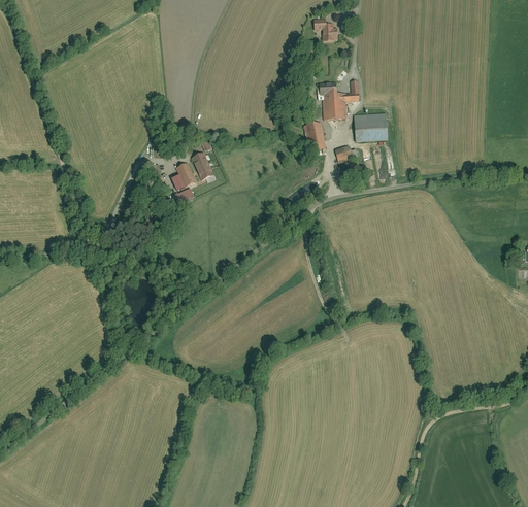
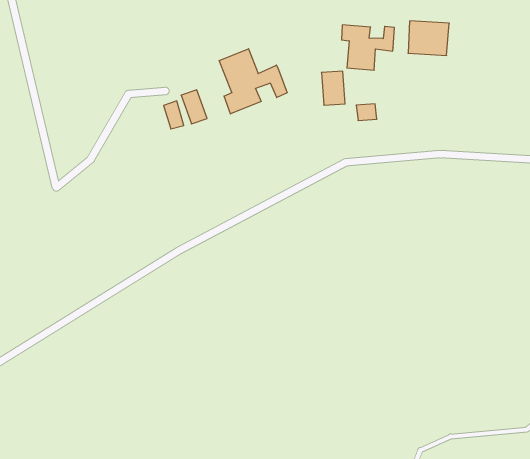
building: [353,113,387,142] -> [408,21,449,55]
building: none -> [219,49,287,114]

